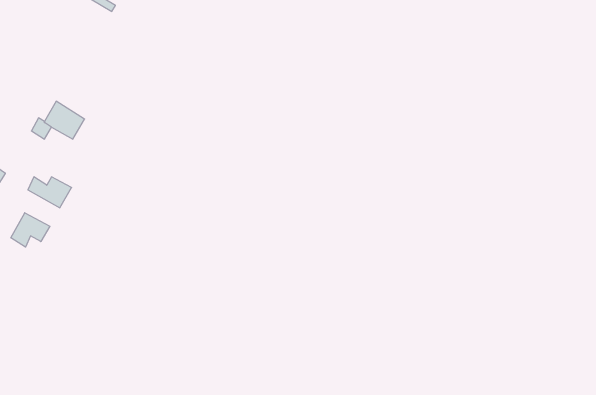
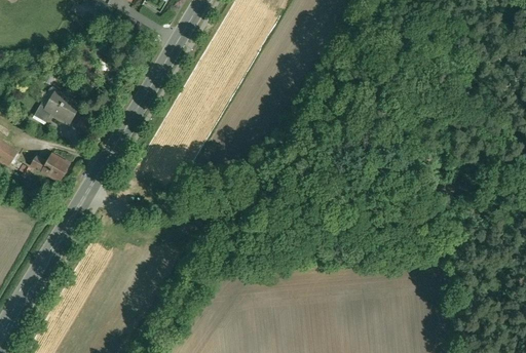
building: [11,213,50,247] -> none

